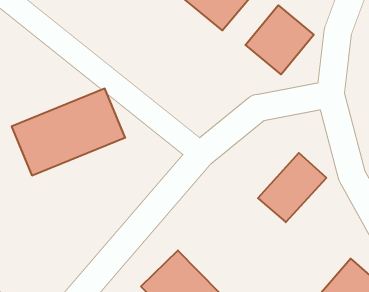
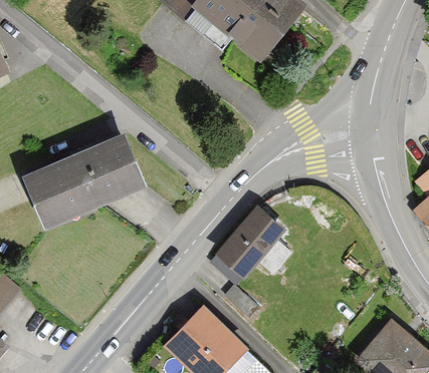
building: [245,5,314,74] -> none
building: [258,153,326,222] -> [212,208,286,283]

